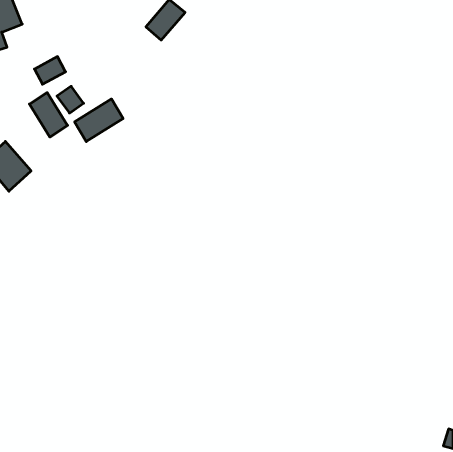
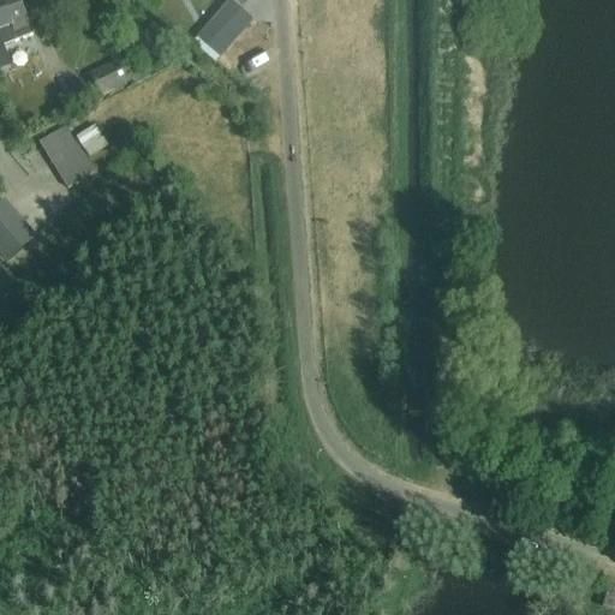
building: [34,57,66,84] -> [89,56,131,94]
building: [75,99,123,142] -> none

